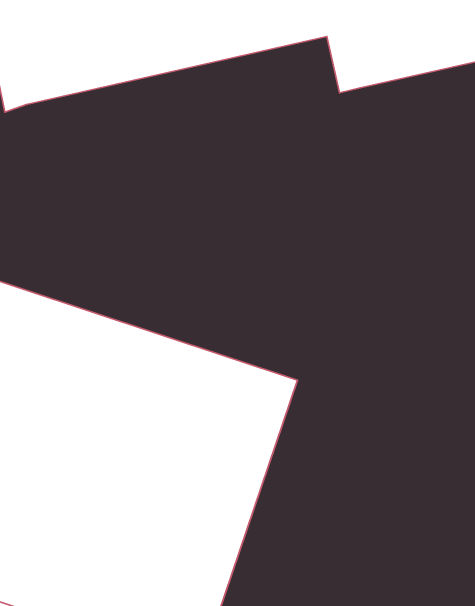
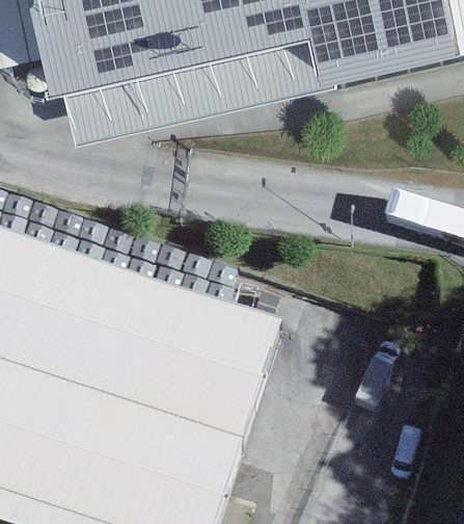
building: none -> [62,41,334,148]

